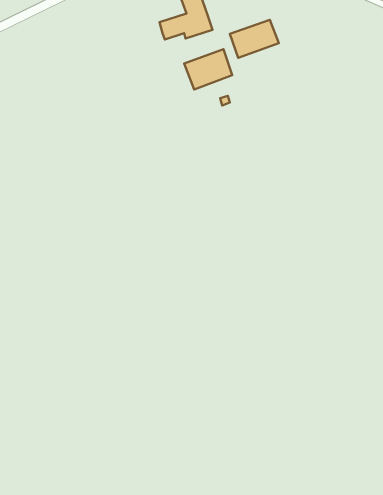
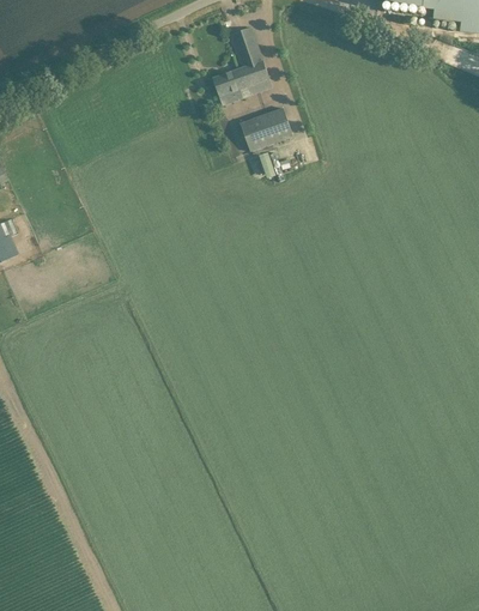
building: [230,20,279,58] -> none

